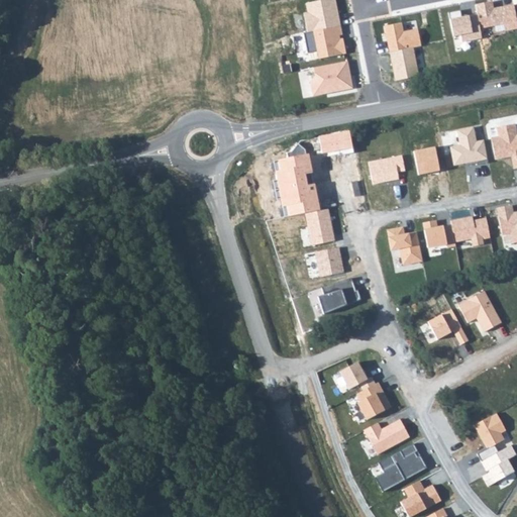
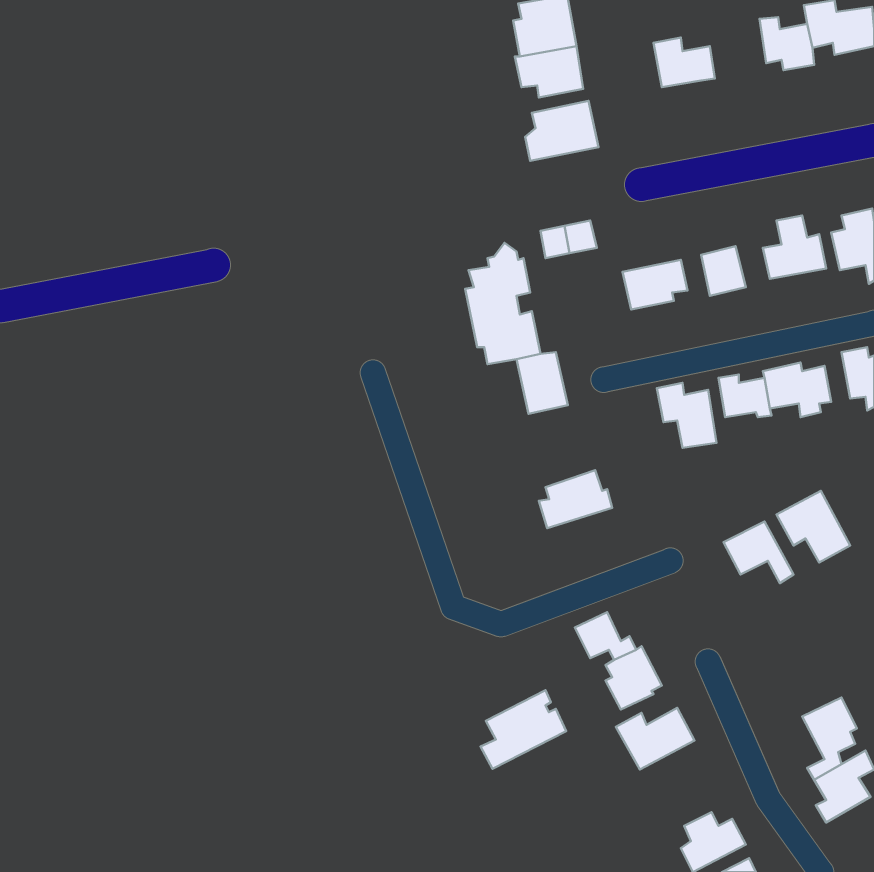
building: [391,47,418,81] -> none
building: [315,246,344,277] -> none
building: [376,443,426,490] -> [481,690,566,769]

